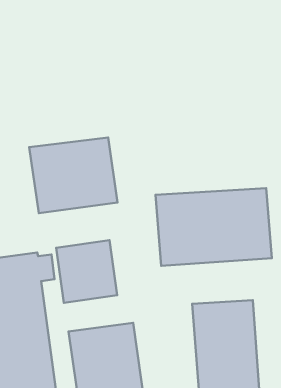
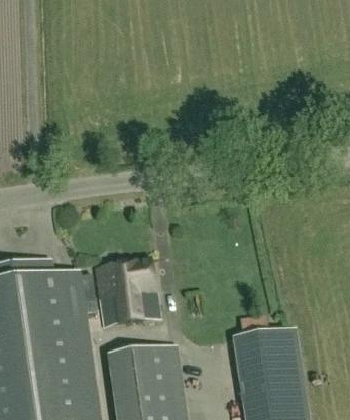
building: [29,137,118,213] -> none
building: [156,188,272,266] -> none

